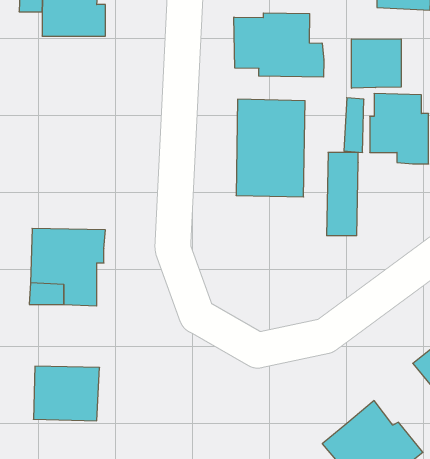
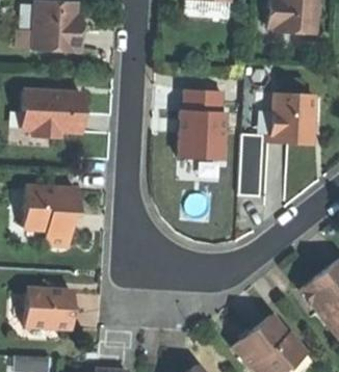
building: [234,13,324,77] -> none
building: [352,39,401,88] -> none
building: none -> [24,90,83,137]

